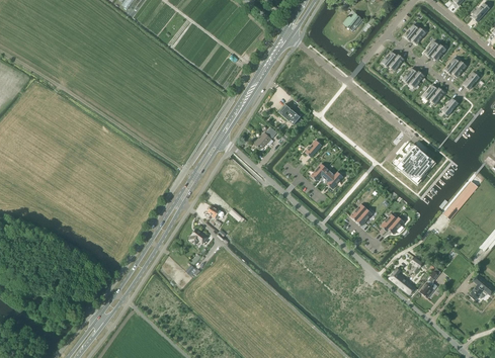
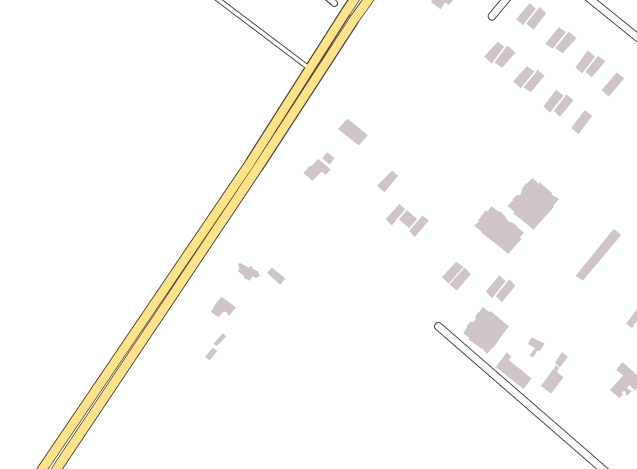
building: none -> [473,205,525,255]
building: none -> [462,306,510,355]

